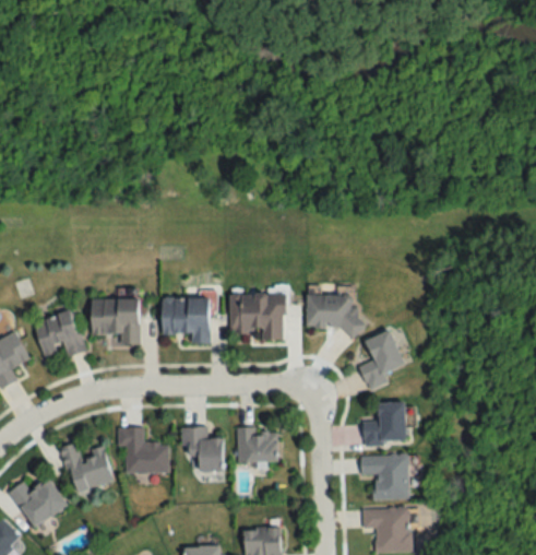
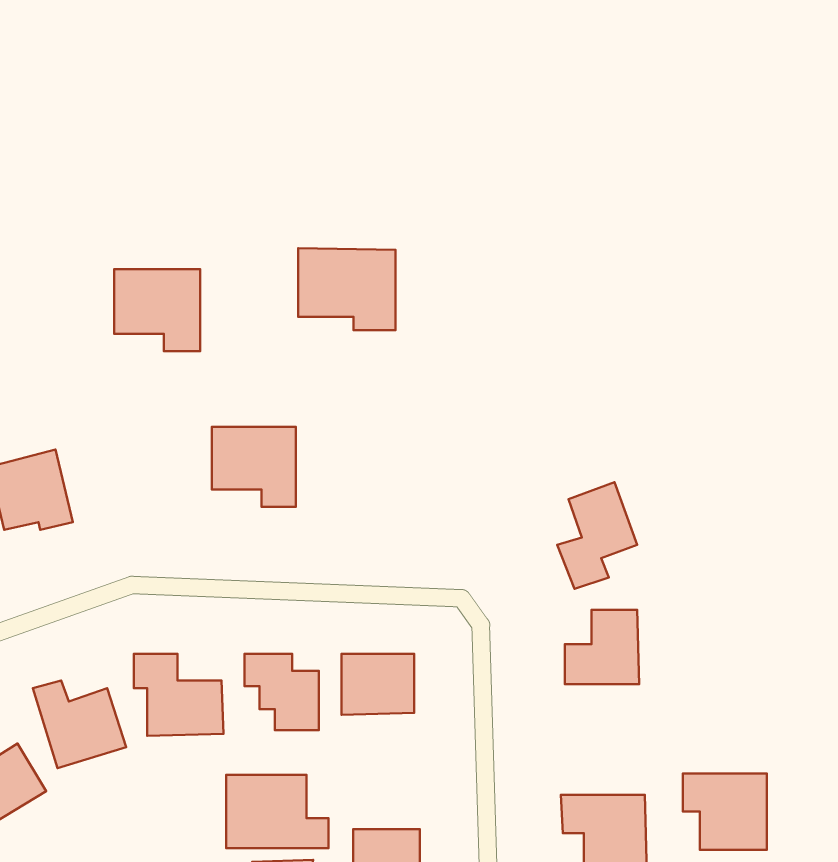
building: [307,286,358,329] -> none
building: [230,293,286,340] -> [298,248,395,330]
building: [92,298,141,345] -> [114,269,200,351]
building: [362,456,410,499] -> [683,773,767,850]
building: none -> [226,775,329,848]

